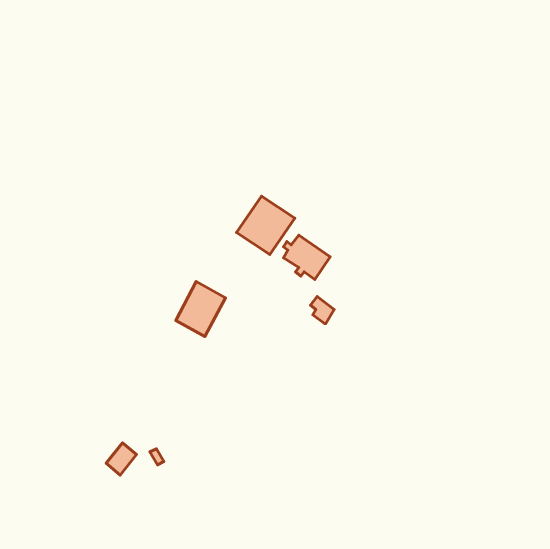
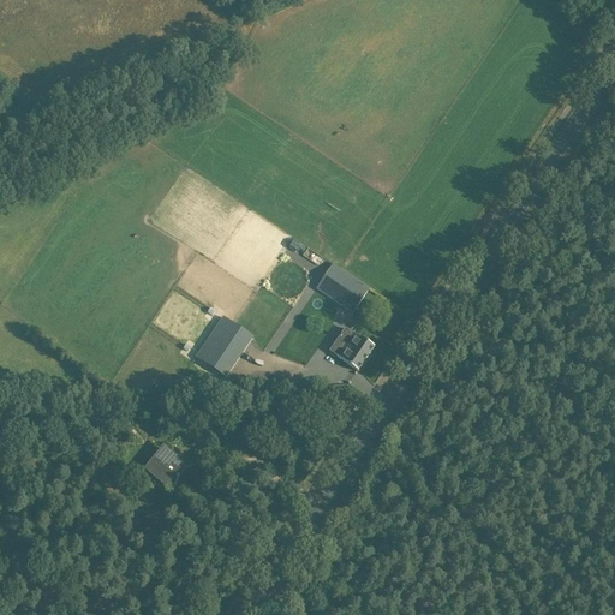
building: [236,196,295,255] -> none
building: [106,443,136,475] -> [149,448,183,484]

